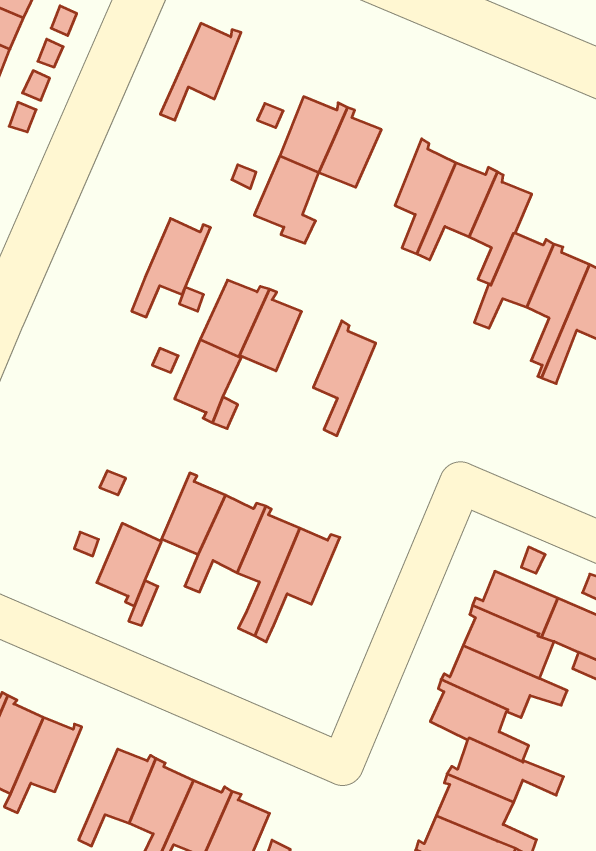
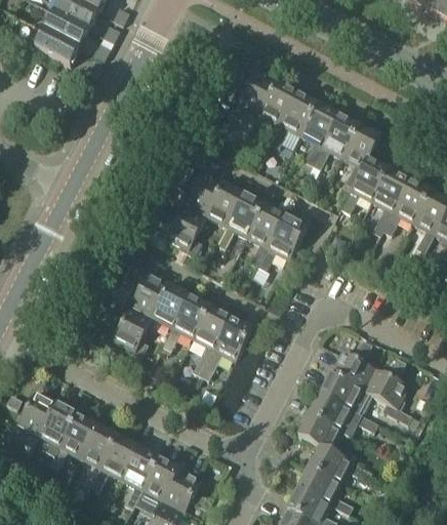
building: [160,23,241,120] -> [270,92,320,147]
building: [132,218,211,317] -> [216,193,266,248]
building: none -> [257,214,308,270]
building: none -> [130,273,171,318]
building: none -> [79,420,117,485]

